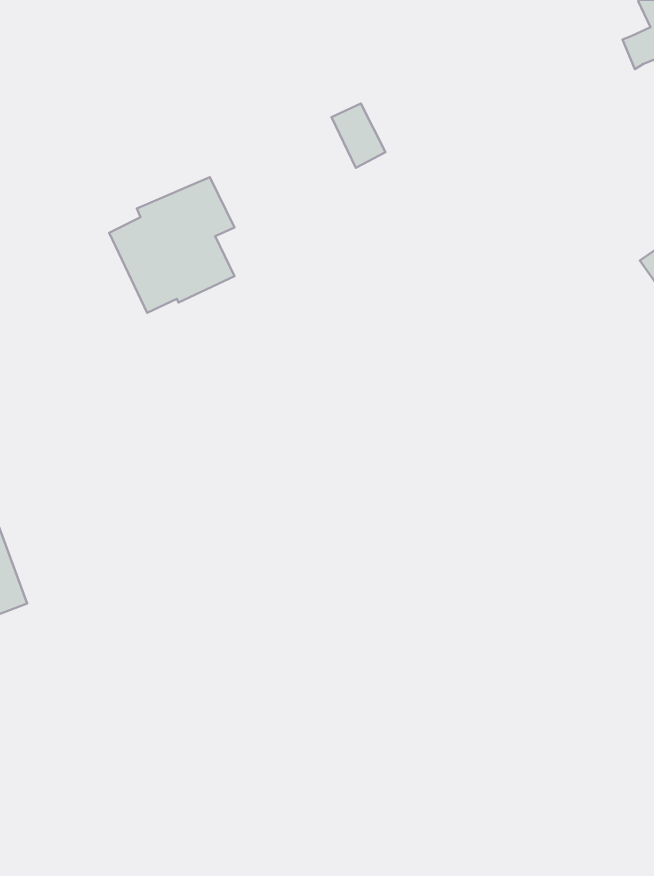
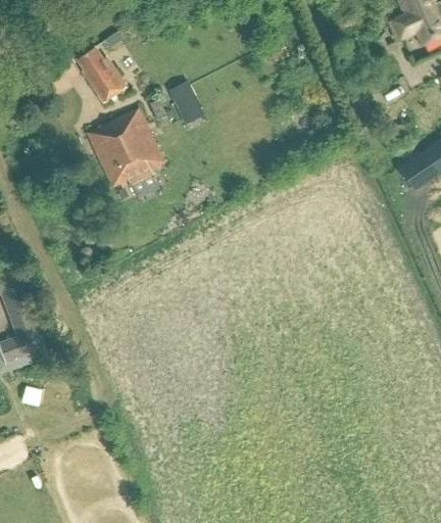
building: none -> [79,51,127,105]
building: [331,103,385,168] -> [173,86,204,124]

